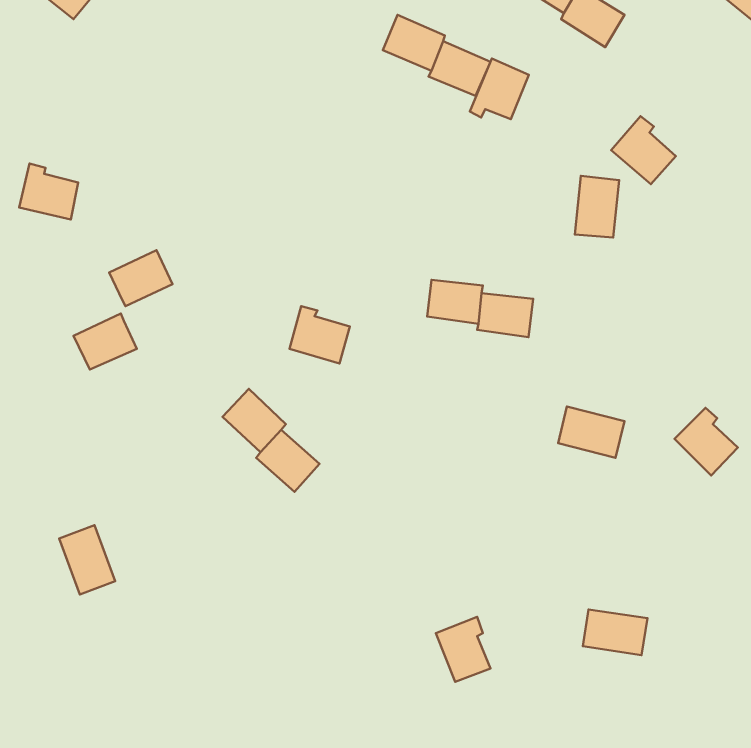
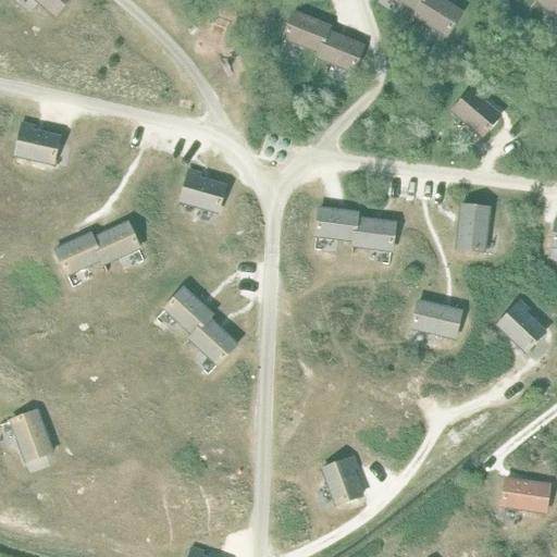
building: [470,59,529,119] -> none
building: [575,176,619,238] -> [457,205,490,250]
building: [109,250,173,306] -> [92,221,139,262]
building: [289,306,350,363] -> [182,169,226,211]
building: [59,525,115,594] -> [11,409,52,460]
building: [583,609,647,655] -> [502,478,549,511]

